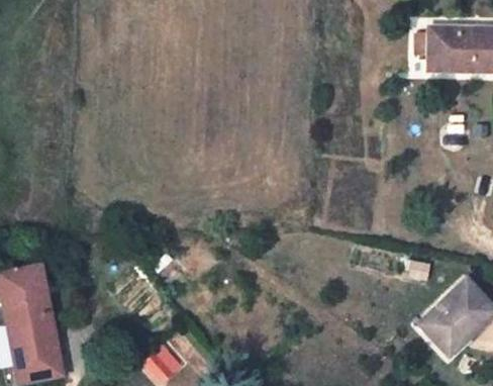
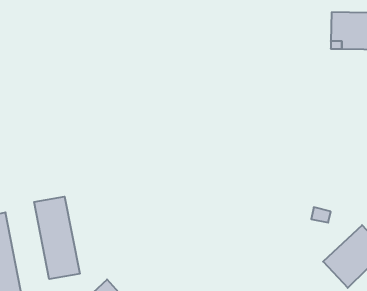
building: none -> [34,197,80,279]

